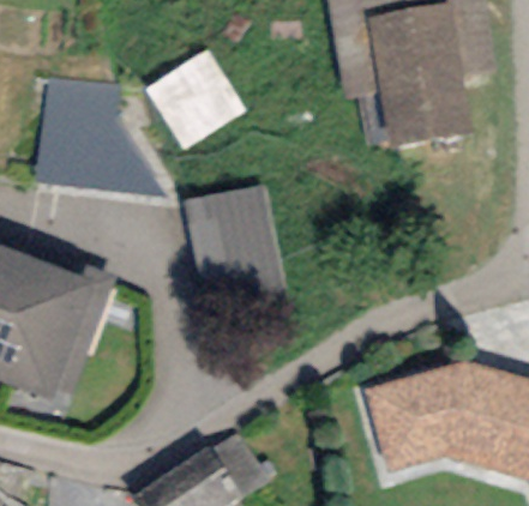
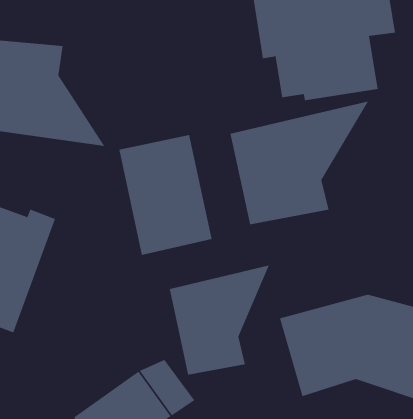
building: [143,46,248,150] -> none
building: none -> [230,101,369,225]
building: none -> [169,265,270,375]

